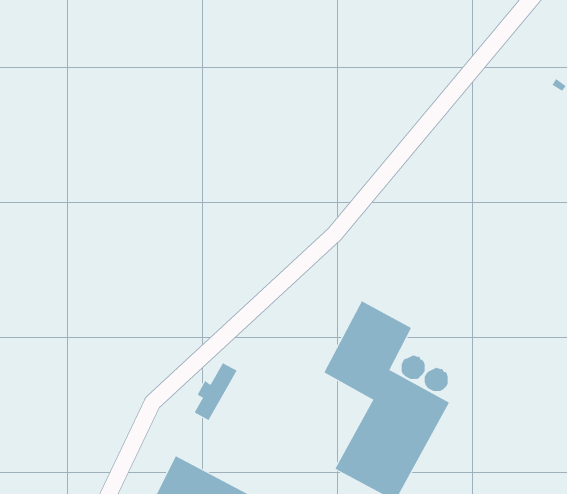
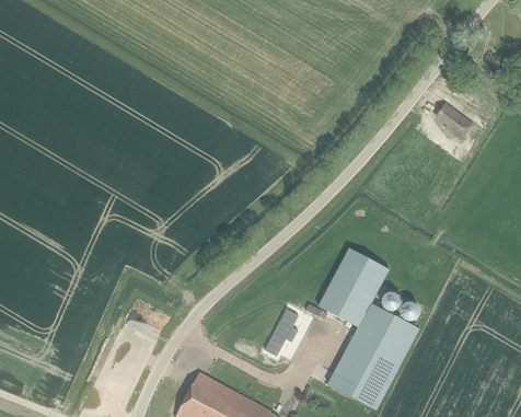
building: none -> [435,104,470,139]
building: [194,362,237,421] -> [273,304,308,351]

